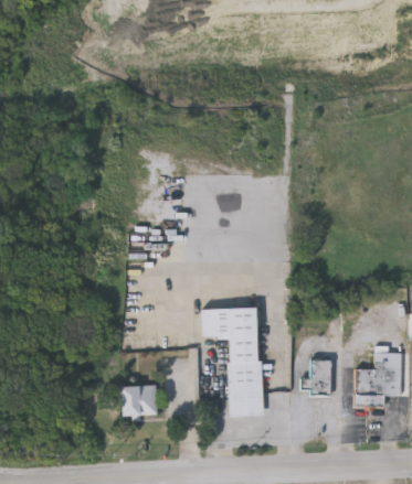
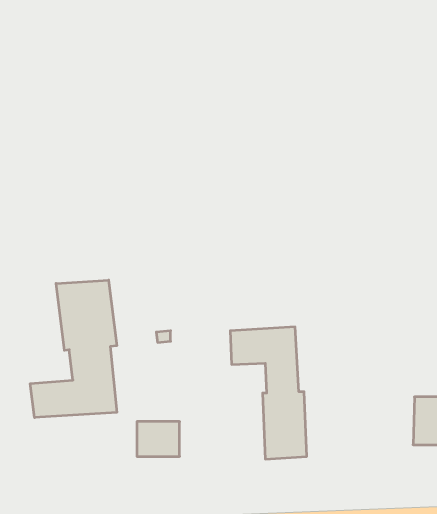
building: none -> [30,280,117,418]
building: [309,359,331,394] -> none

